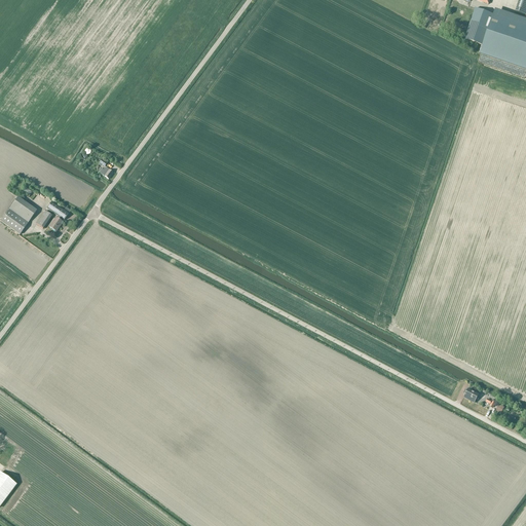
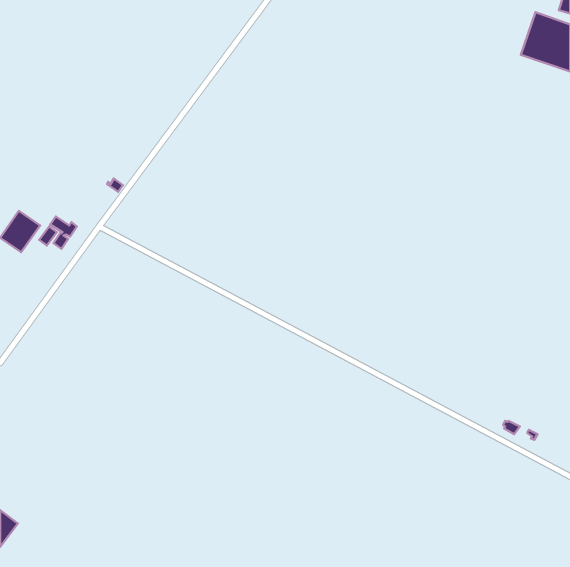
building: [464,6,492,43] -> none

